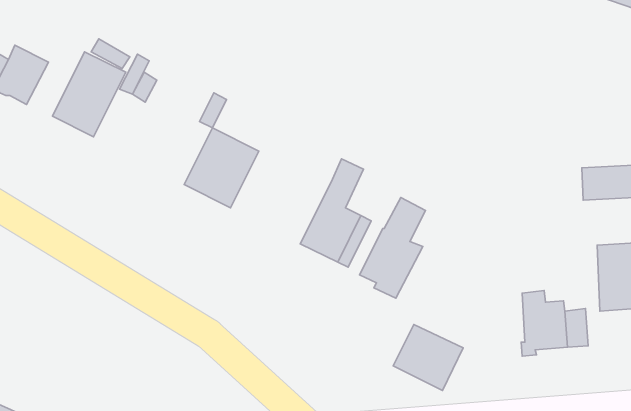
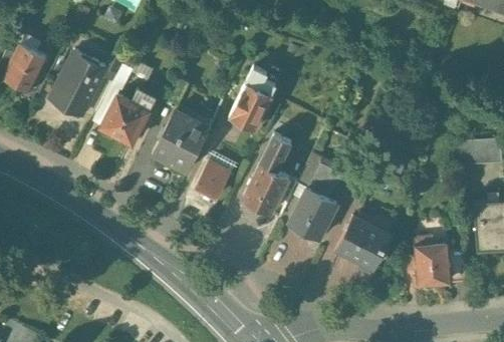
building: none -> [229,68,277,130]
building: none -> [100,89,155,143]
building: none -> [196,162,230,198]
building: [393,325,463,390] -> [336,217,391,268]

